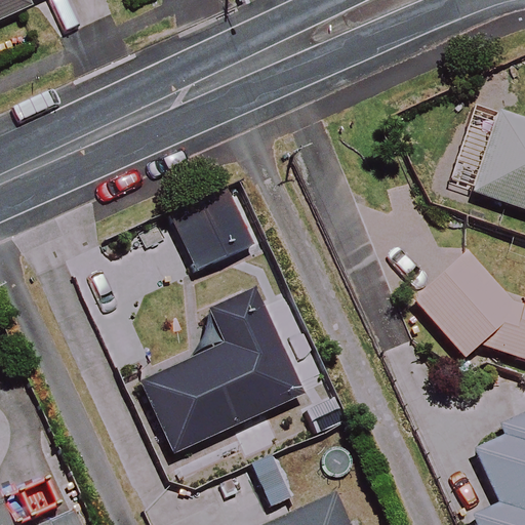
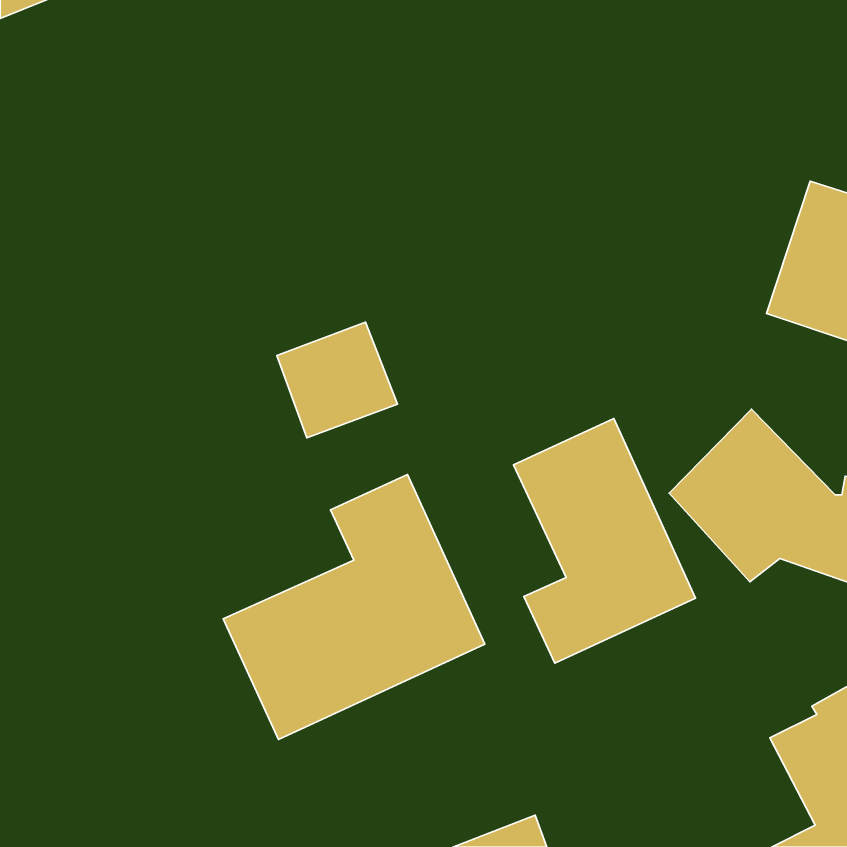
building: none -> [513,419,695,663]

